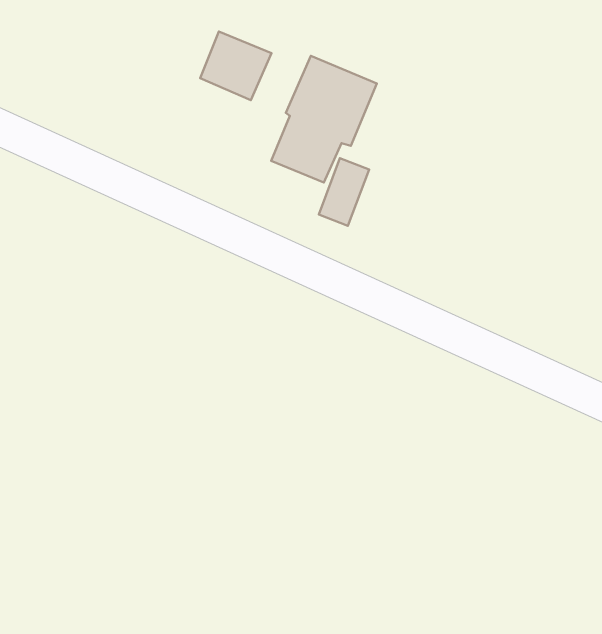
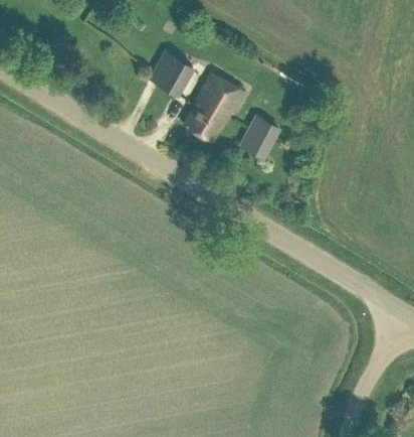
building: [319,158,369,226] -> [241,115,271,152]

